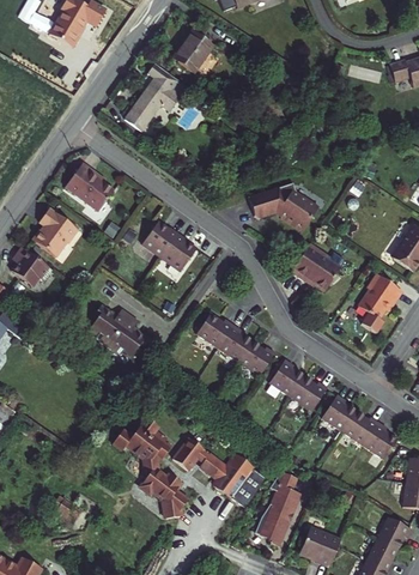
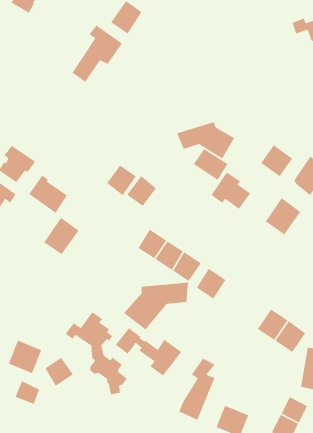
building: [65,165,113,213] -> [28,174,68,214]
building: none -> [260,144,293,177]
building: none -> [193,148,229,181]
building: [144,219,181,258] -> [126,175,157,207]
building: [110,315,153,361] -> none
building: [294,375,332,413] -> none
building: none -> [123,282,189,331]
building: [326,395,364,435] -> none
building: none -> [8,340,42,374]
building: none -> [44,357,74,387]

